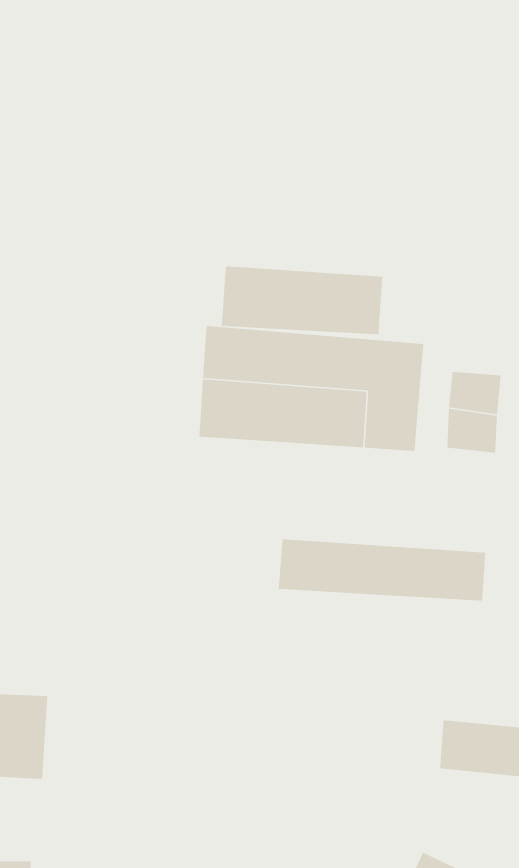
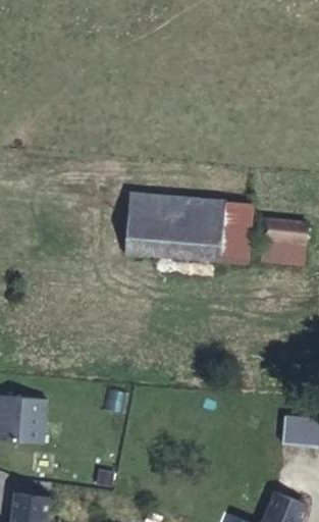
building: [221,266,383,335] -> none
building: [278,538,486,602] -> none

